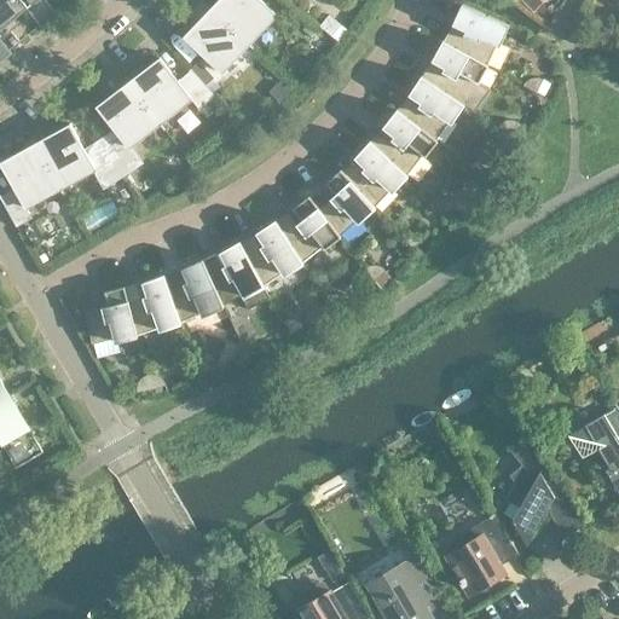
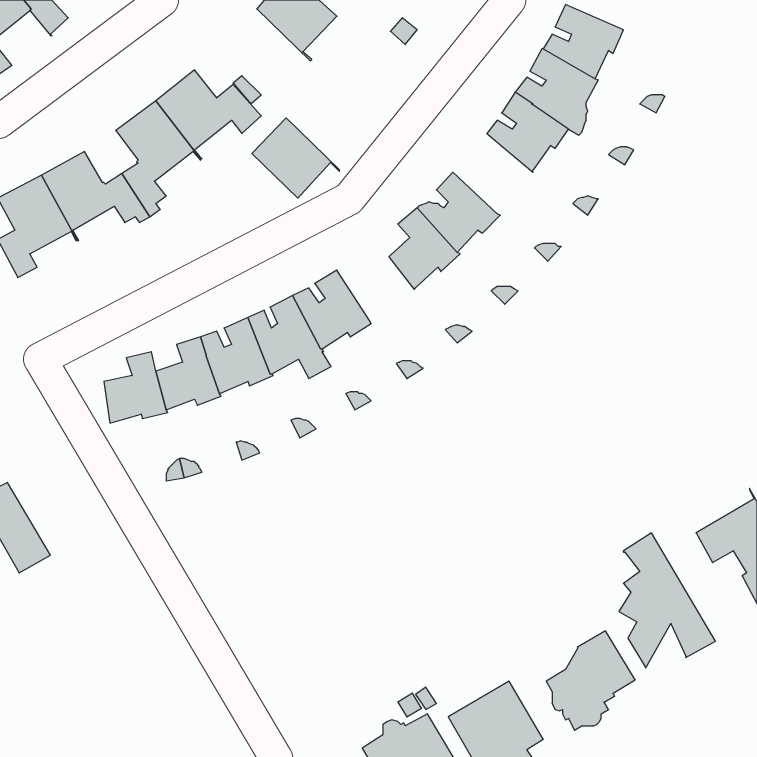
building: [181,8,253,74] -> [252,118,339,198]
building: [369,110,436,175] -> none
building: [274,197,340,262] -> none

